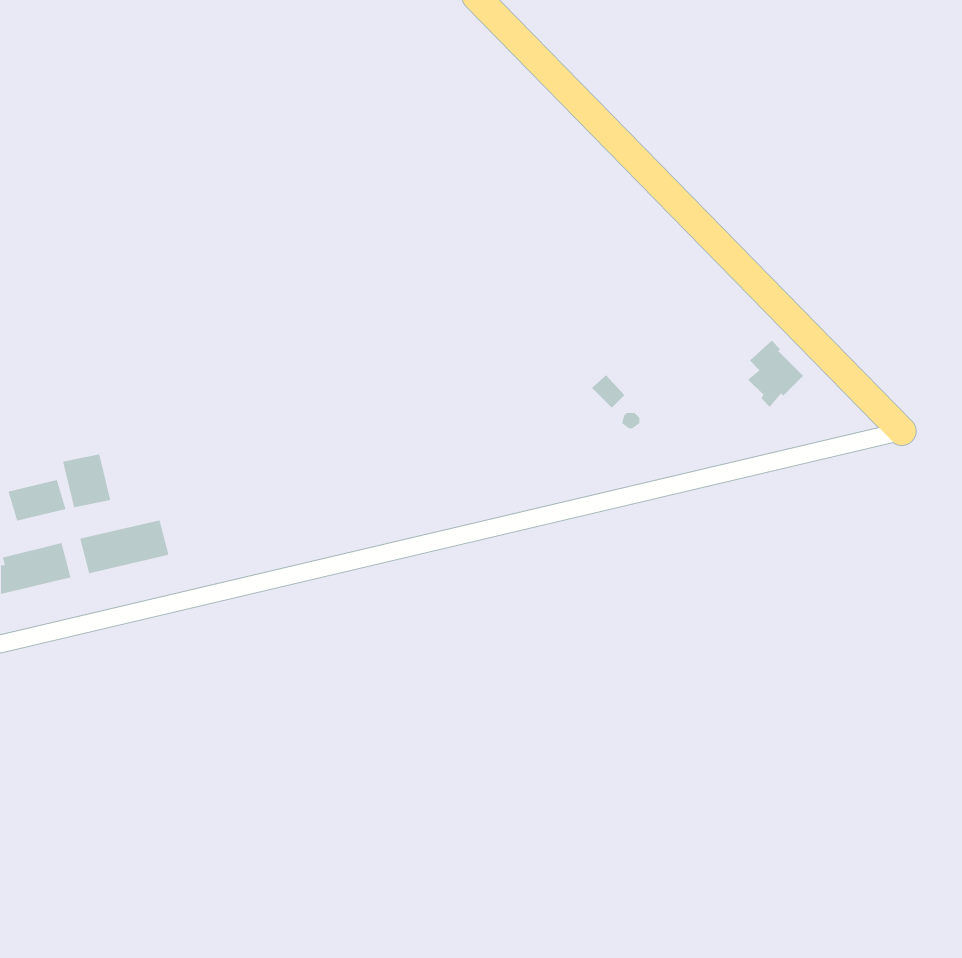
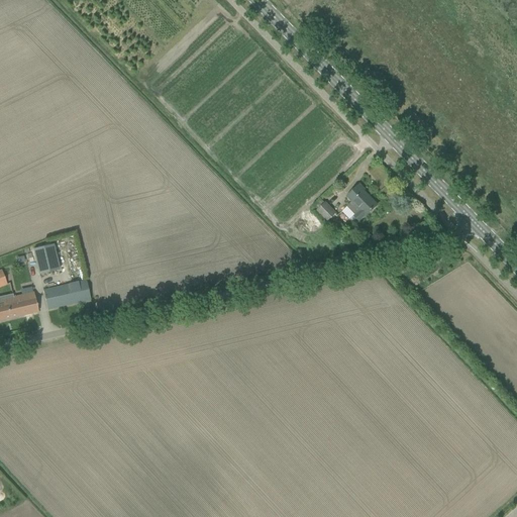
building: [747,340,804,408] -> [346,184,377,220]
building: [8,479,66,522] -> none

